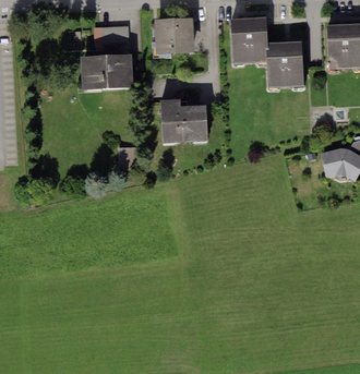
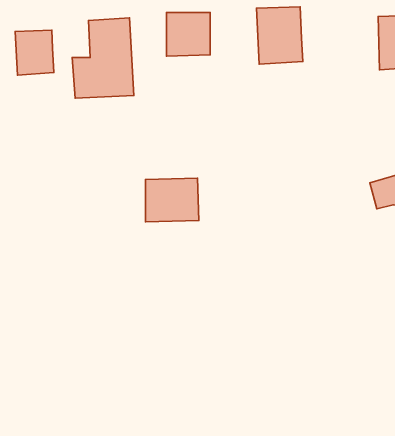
building: none -> [15,30,54,75]
building: [265,40,302,86] -> none
building: [165,105,207,140] -> [146,178,199,222]

